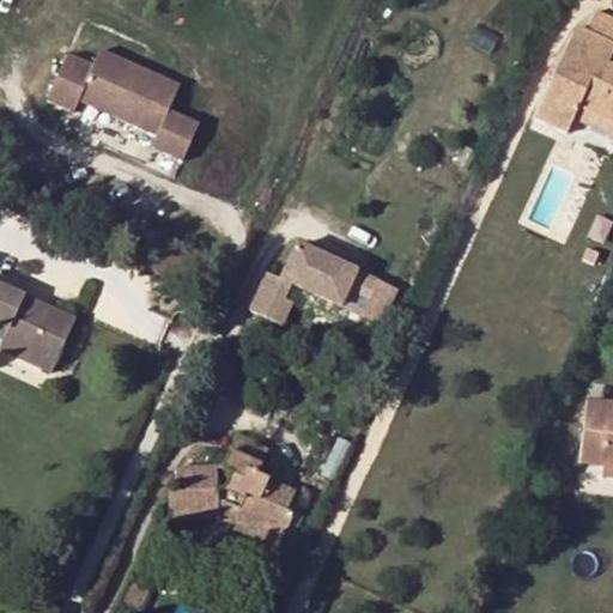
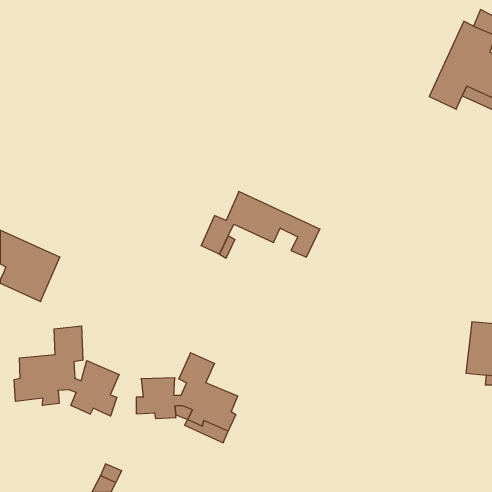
building: [45,47,198,157] -> none
building: none -> [14,326,119,416]

